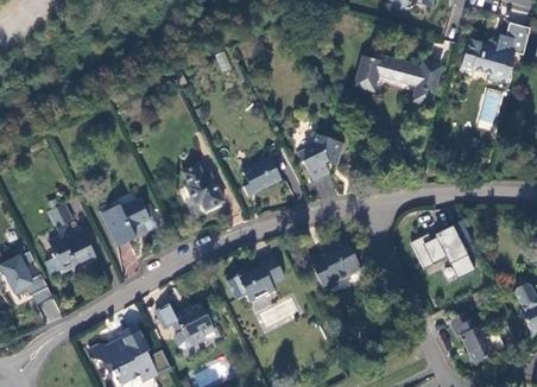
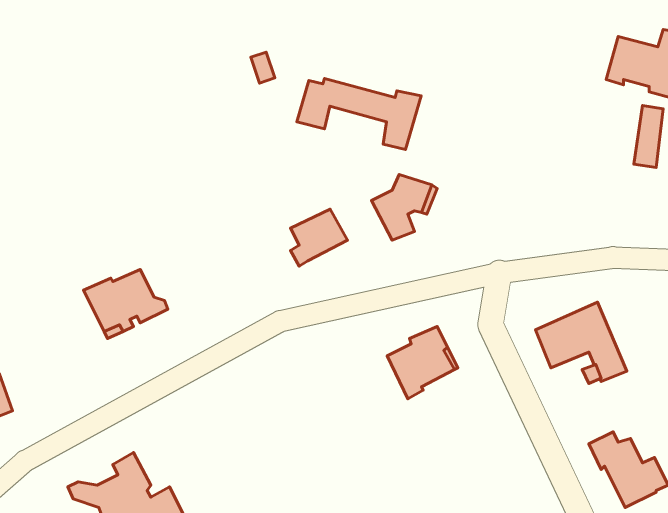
building: [355,56,441,104] -> [297,79,421,149]
building: [183,165,225,210] -> none
building: [49,203,96,269] -> none
building: [227,255,284,302] -> none
building: [156,303,211,354] -> none

